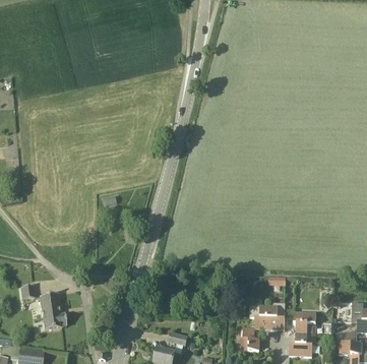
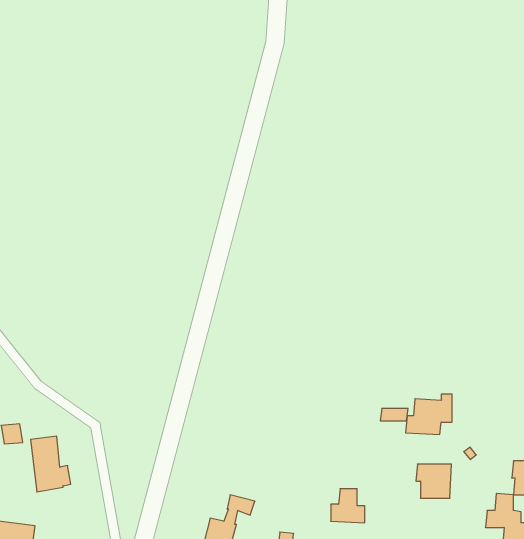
building: [254,303,285,329] -> [406,394,452,434]
building: [289,335,315,357] -> none

